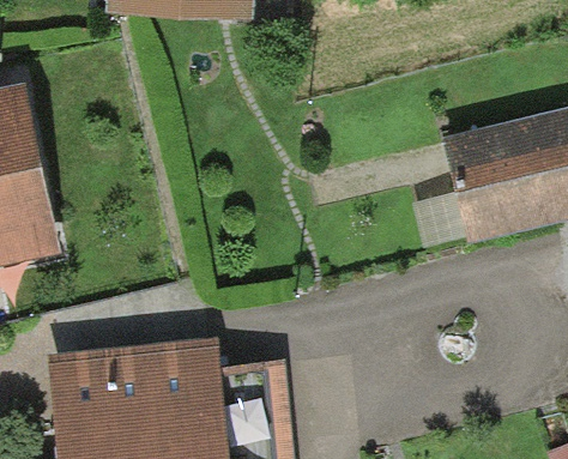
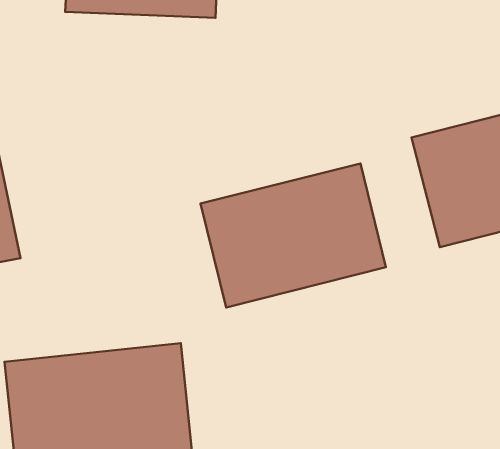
building: none -> [201,163,386,308]

